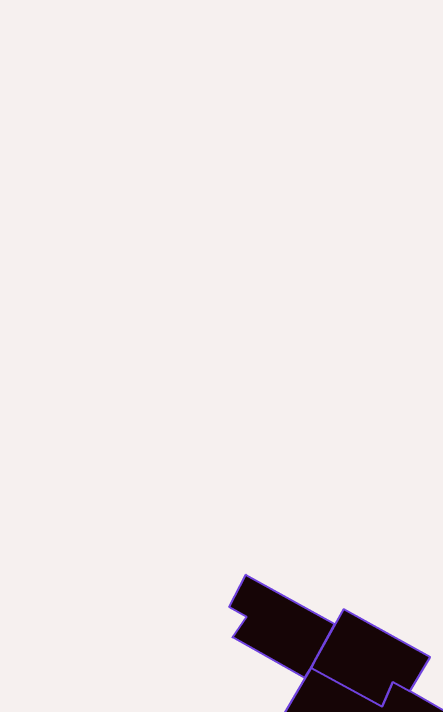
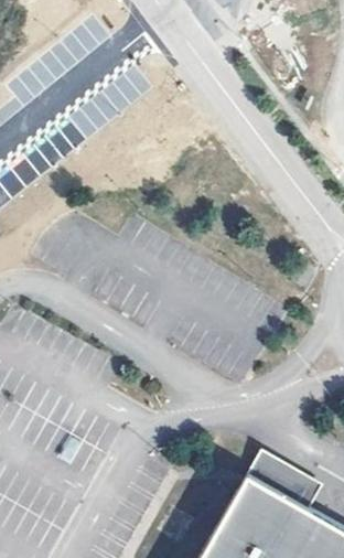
building: [229,575,335,678] -> none

